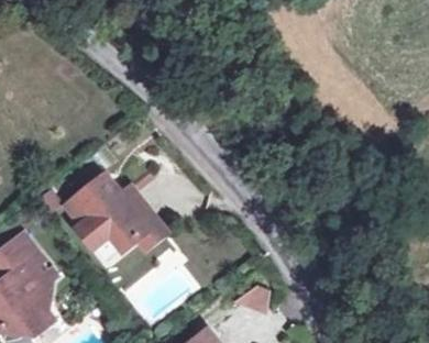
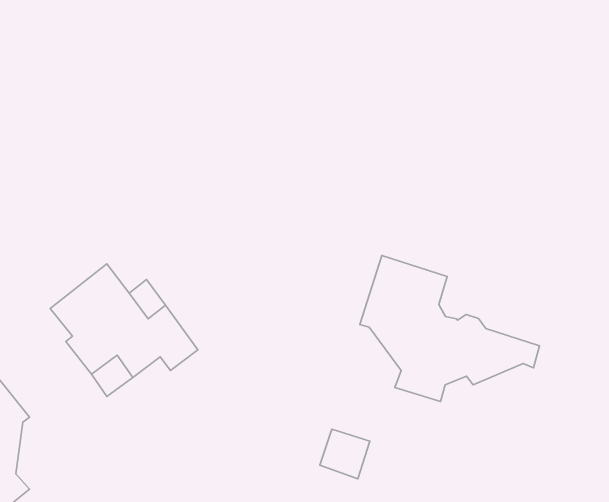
building: none -> [360,256,539,402]

